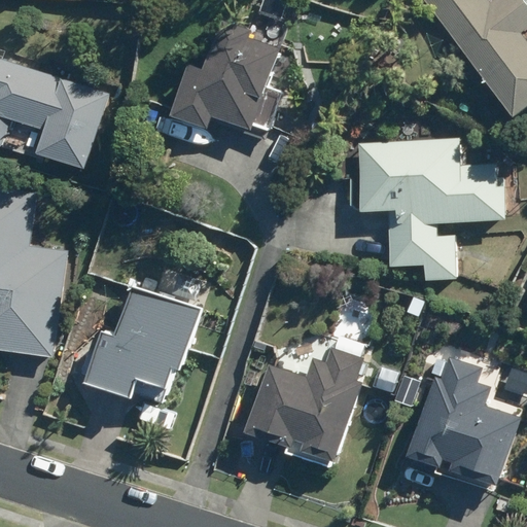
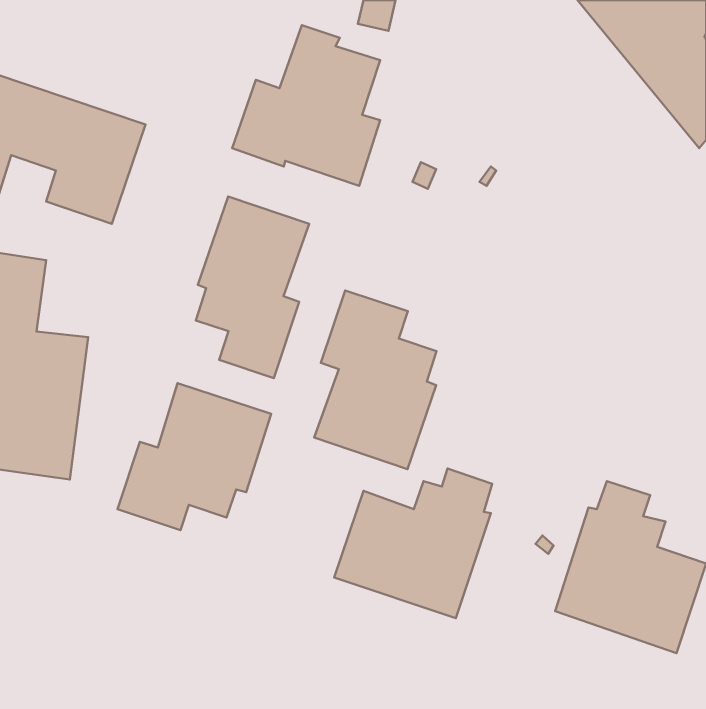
building: [358,140,503,281] -> none
building: none -> [196,196,309,378]
building: none -> [314,290,437,469]

